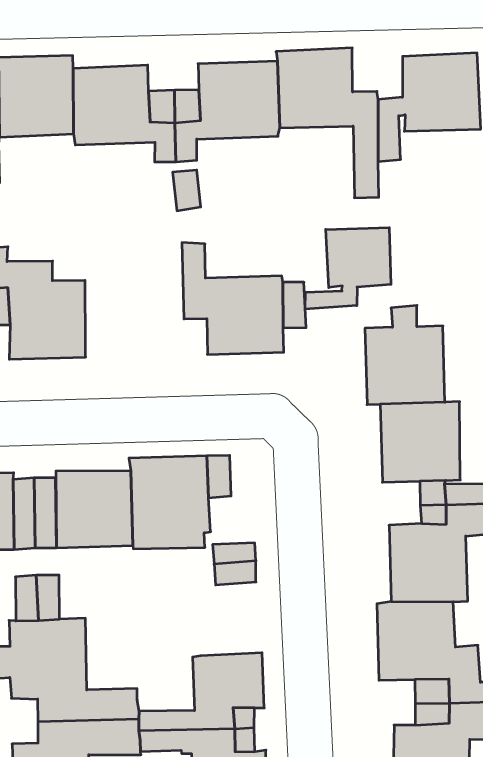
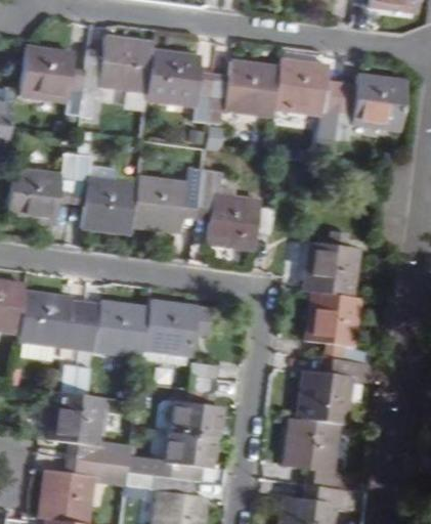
building: [305,228,391,309] -> none
building: none -> [131,169,202,231]
building: none -> [173,401,221,436]

